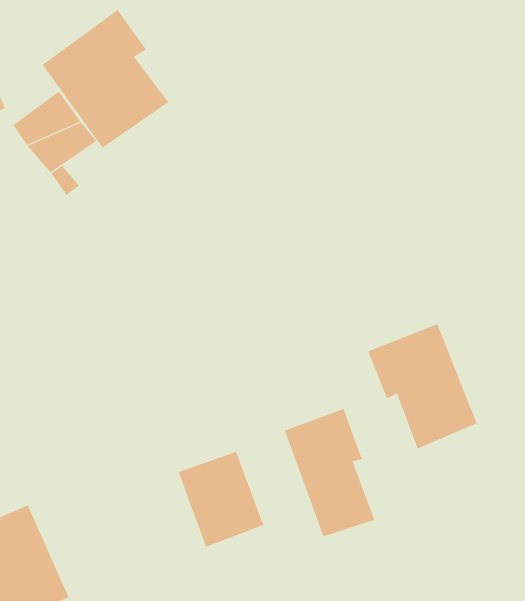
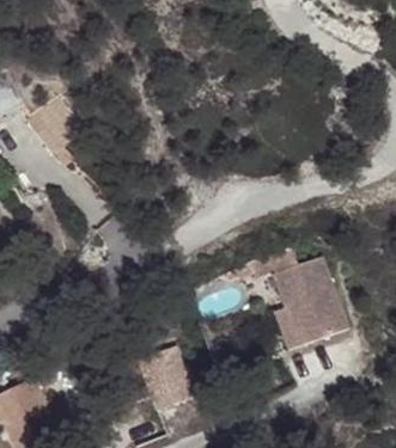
building: [42,9,169,149] -> none
building: [284,408,375,537] -> none

